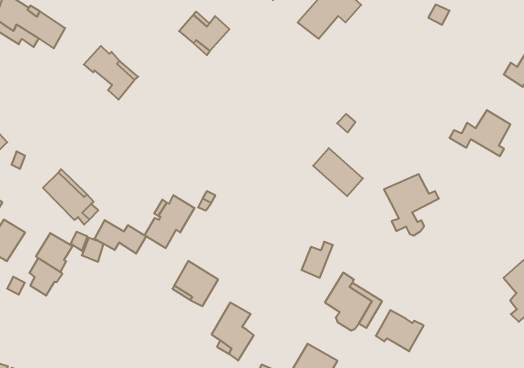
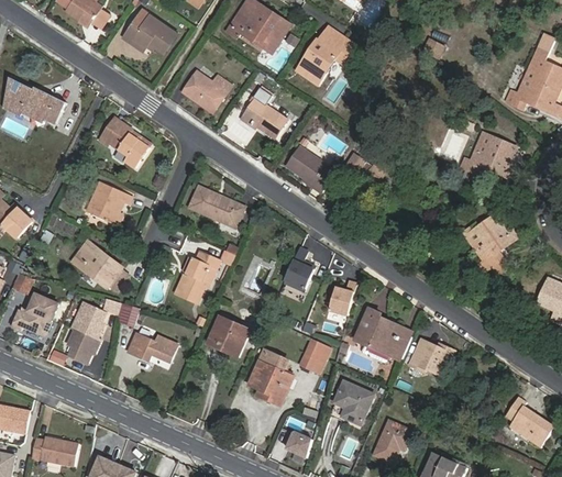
building: none -> [245,88,289,141]
building: none -> [86,179,131,222]
building: none -> [187,187,242,228]
building: [313,148,363,196] -> [287,147,337,191]
building: [384,174,439,235] -> [465,215,519,275]
building: none -> [283,245,315,289]
building: [94,220,146,254] -> [126,333,176,362]
building: none -> [300,339,329,373]

